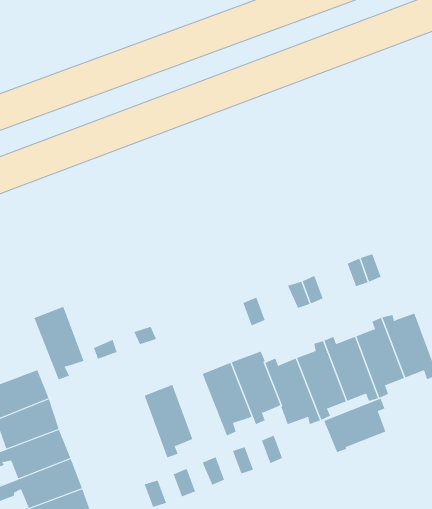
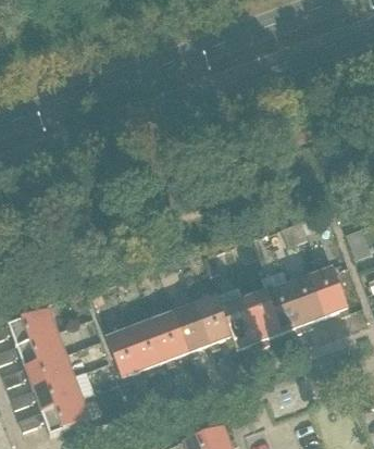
building: [33,306,87,380] -> [105,328,146,384]
building: none -> [150,312,190,366]
building: [324,398,387,453] -> none

